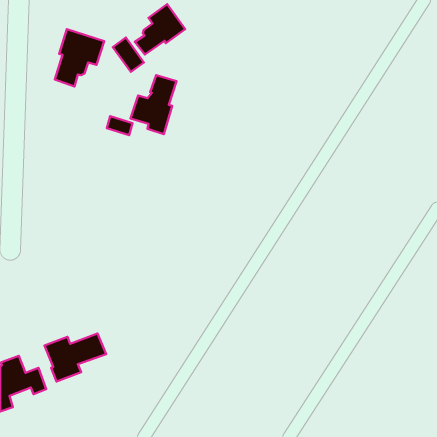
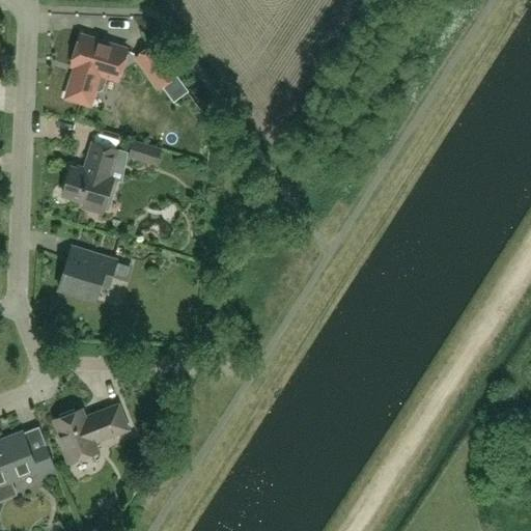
building: [135,4,185,55] -> none
building: [130,75,177,134] -> [62,142,118,214]
building: none -> [59,247,117,300]

